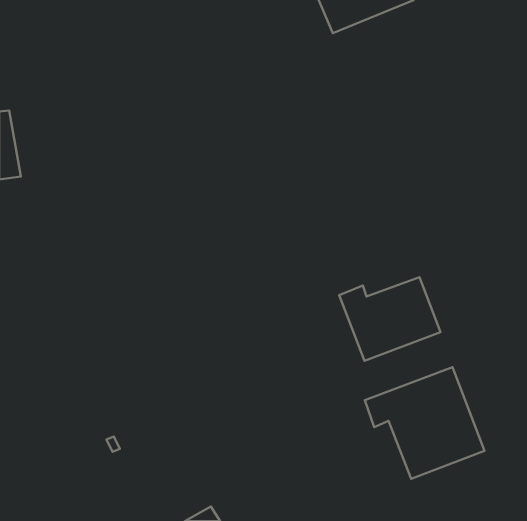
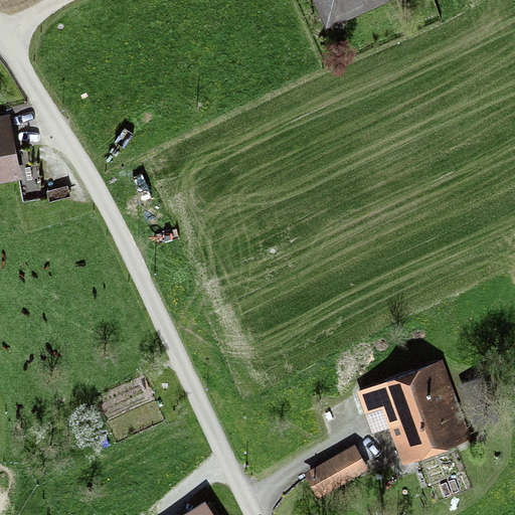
building: [339,277,440,361] -> none
building: none -> [303,447,366,499]

